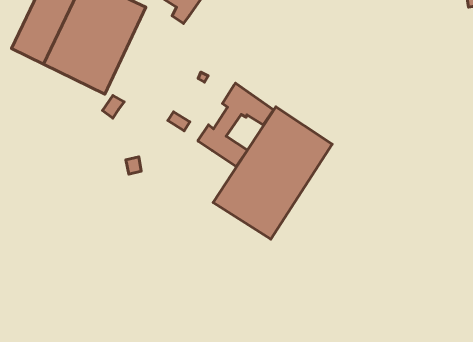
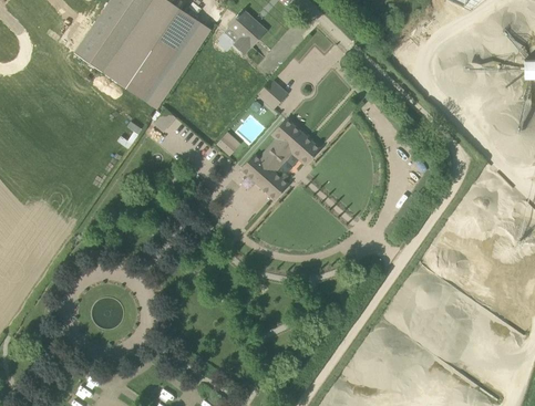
building: none -> [256,80,287,111]
building: [213,107,332,239] -> none

